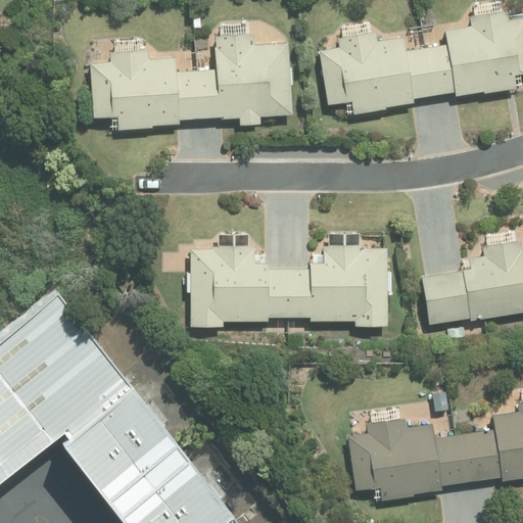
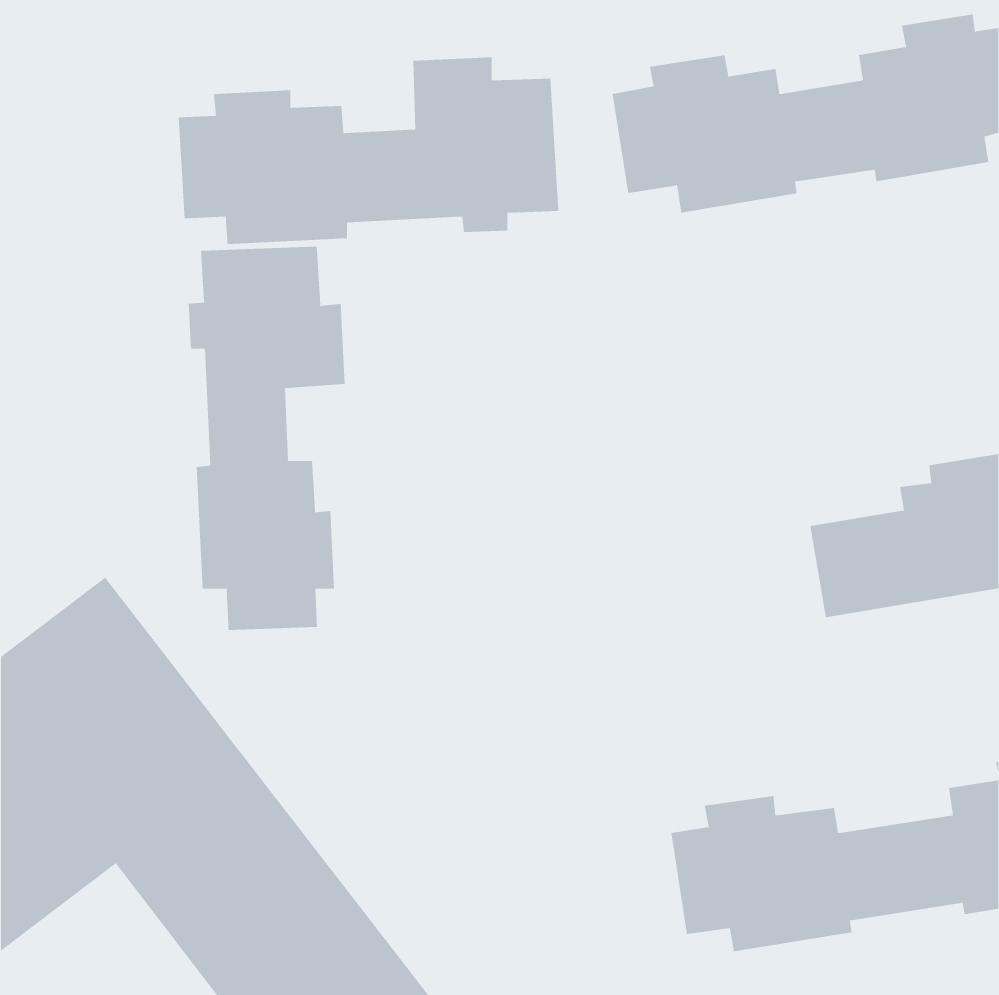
building: none -> [188,246,345,631]
building: [192,245,388,327] -> none

